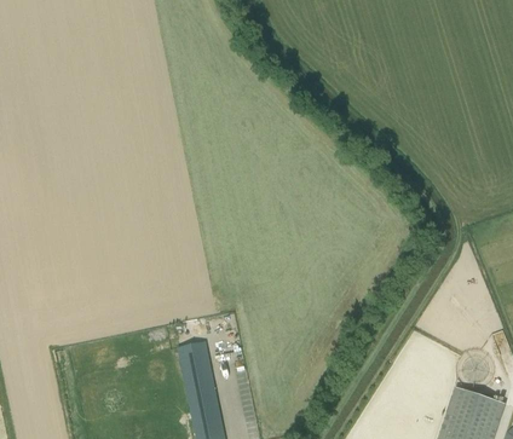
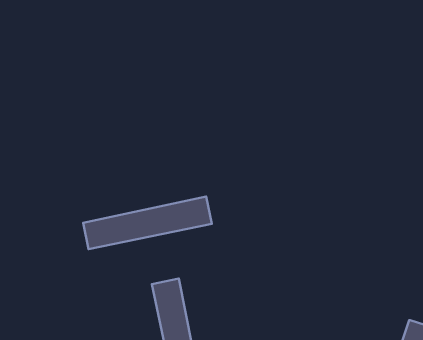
building: none -> [83,196,212,249]

